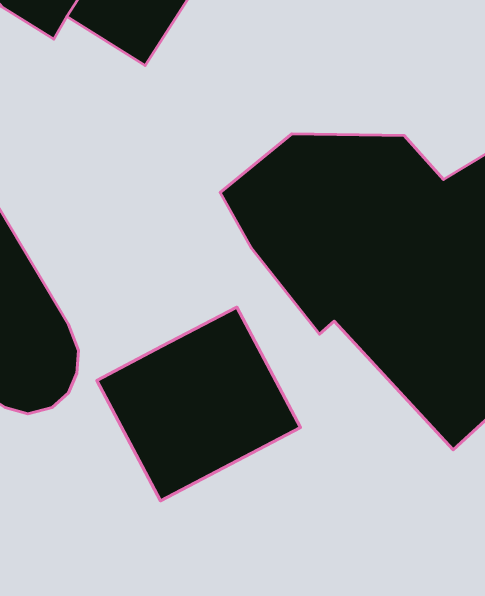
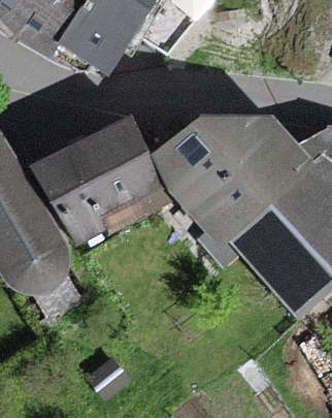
building: [97,307,300,501] -> [36,119,165,242]

